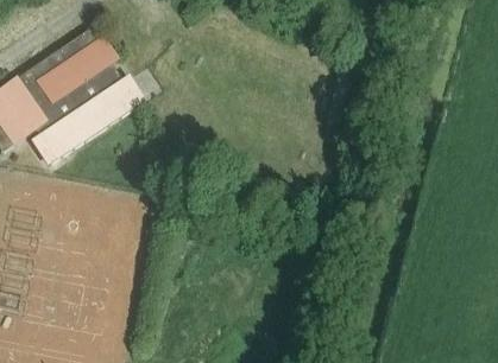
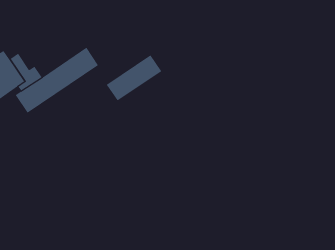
building: [39,33,116,97] -> [106,55,162,101]

